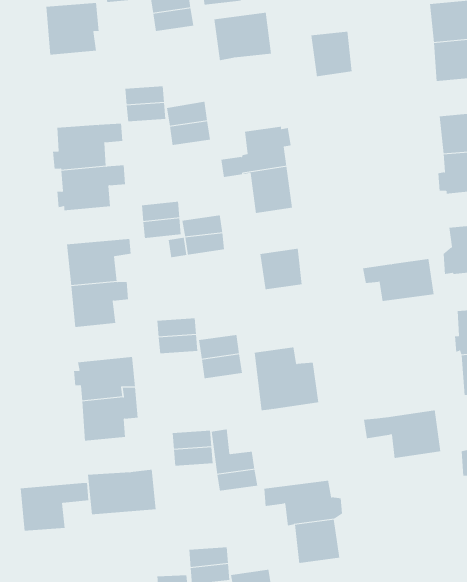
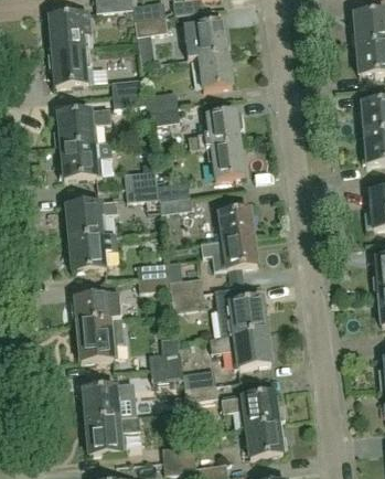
building: [311,31,352,77] -> [199,52,232,88]
building: none -> [47,50,94,85]
building: [362,258,435,301] -> [200,235,257,269]
building: [363,410,441,458] -> [208,329,270,368]
building: [20,482,89,531] -> [85,414,140,453]

